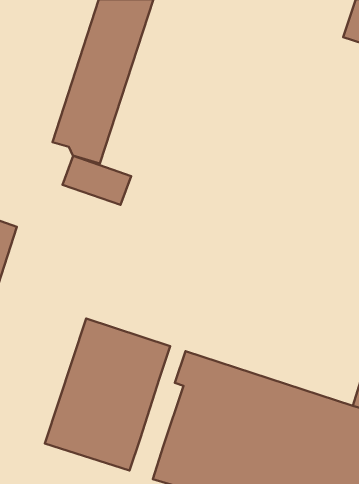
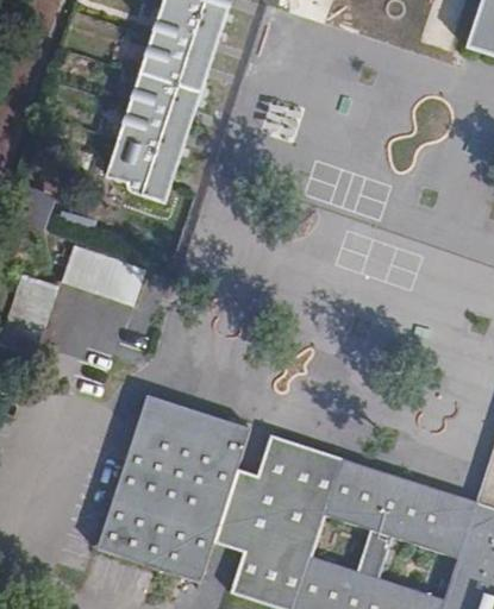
building: [63,156,131,205] -> [65,241,150,302]
building: none -> [214,469,268,553]

